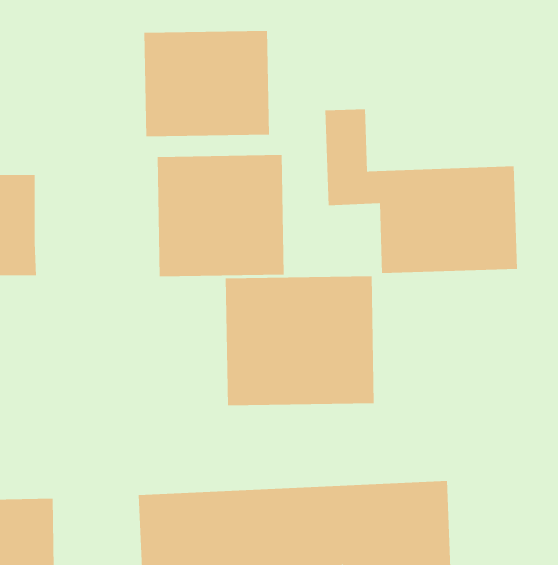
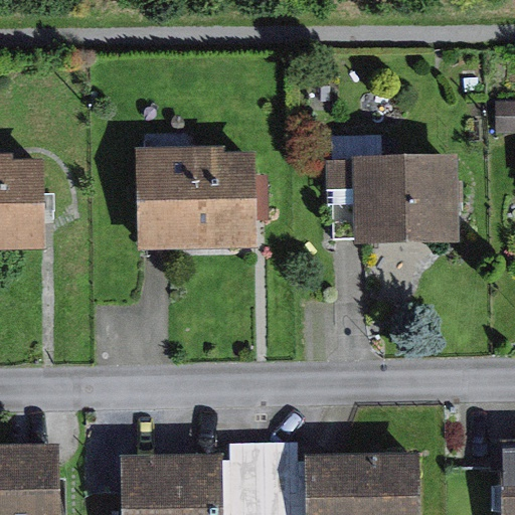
building: [144,30,270,137] -> none
building: [225,275,374,406] -> none

